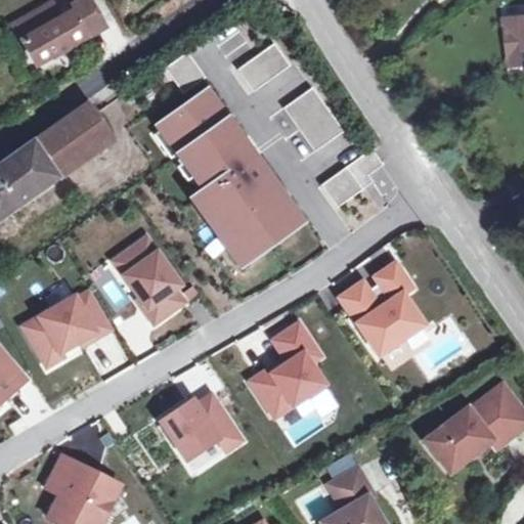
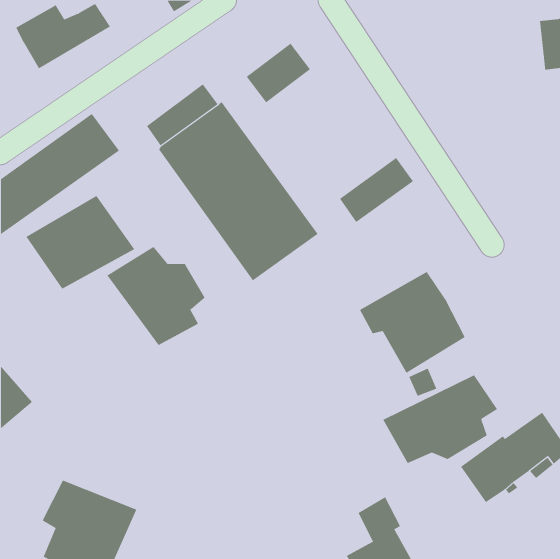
building: [280,87,344,155] -> none
building: [13,282,116,370] -> [25,195,135,290]
building: [243,324,333,422] -> none
building: none -> [382,374,498,464]
building: [160,381,238,461] -> none

